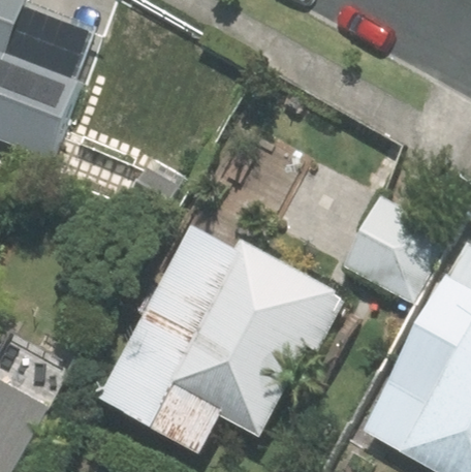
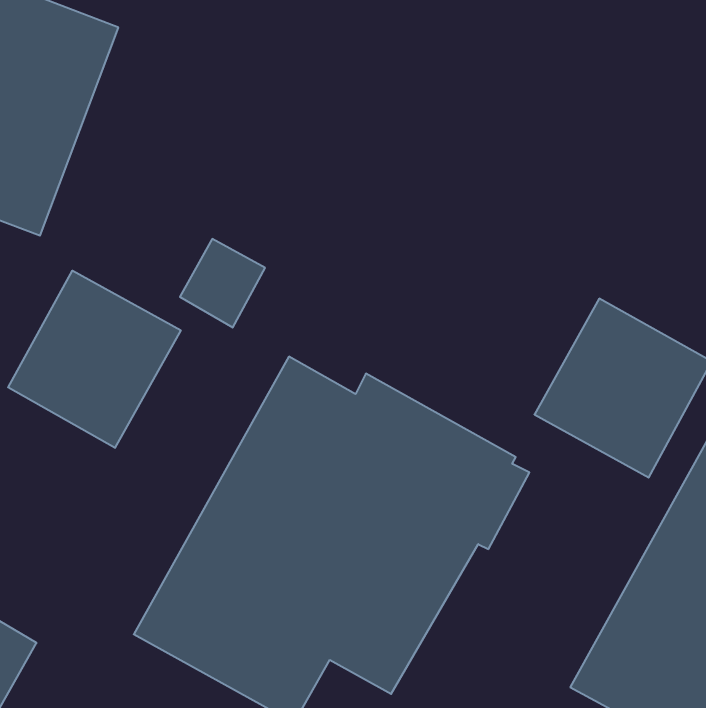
building: none -> [8,271,181,448]

